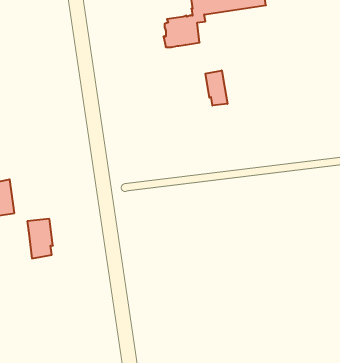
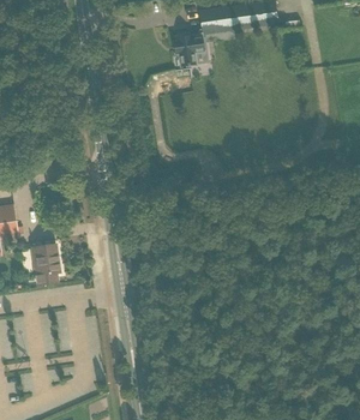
building: [205,70,227,106] -> none

